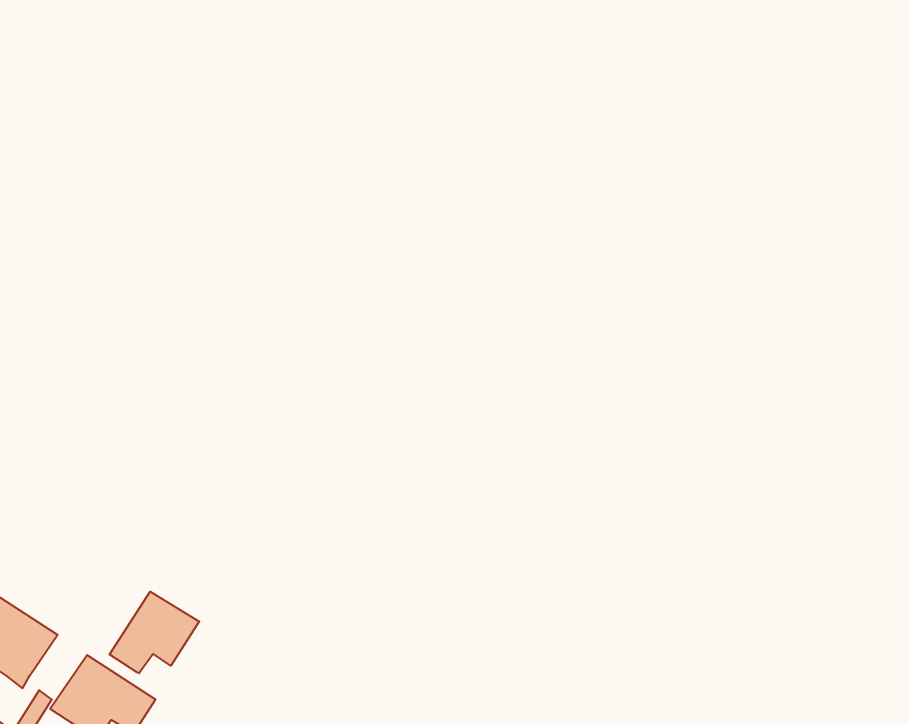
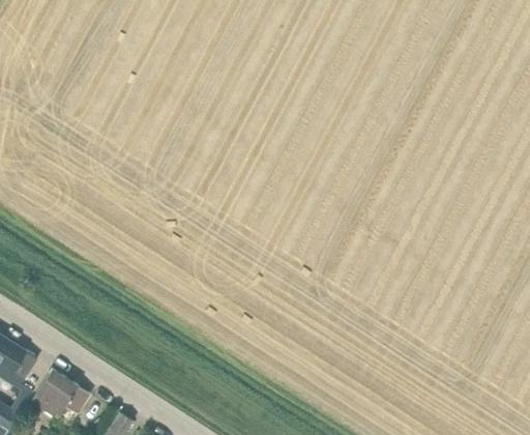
building: [109,592,199,673] -> none

